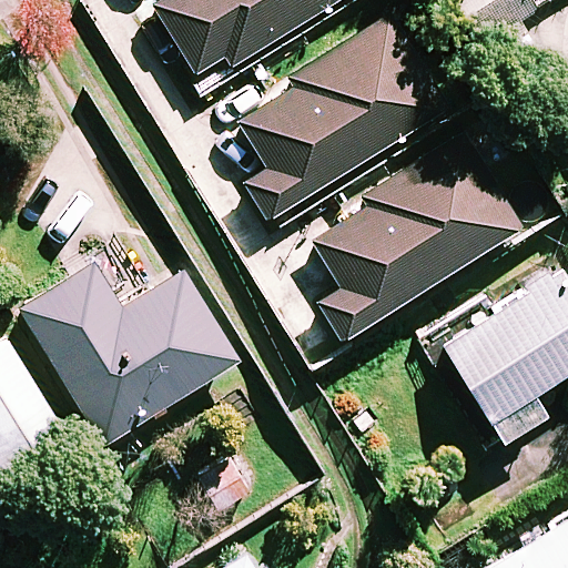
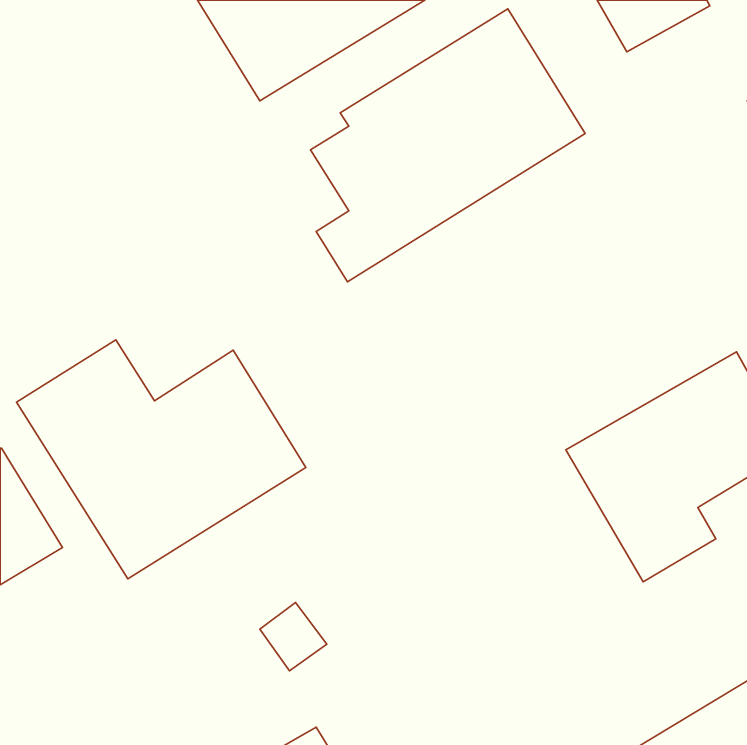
building: [314,135,520,338] -> none

